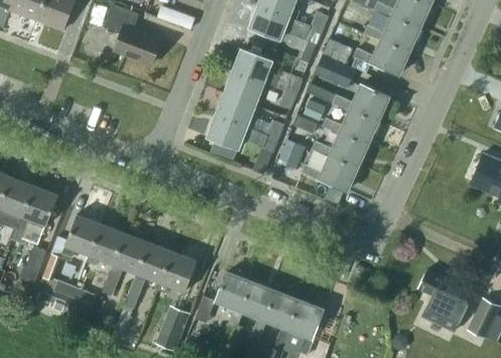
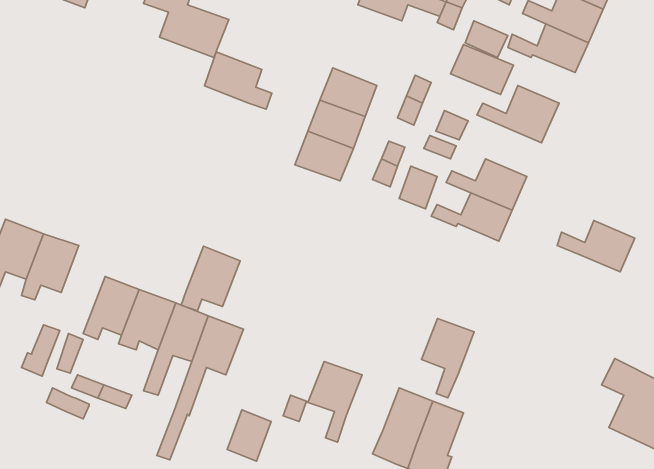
building: [233,48,279,88] -> [204,52,272,109]
building: [323,111,376,146] -> [557,221,635,272]
building: [156,251,197,295] -> [181,246,240,311]
building: [242,282,278,337] -> [421,319,474,398]

